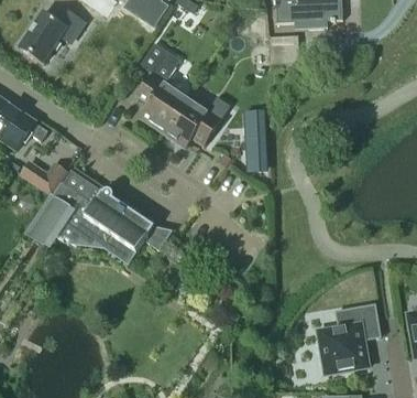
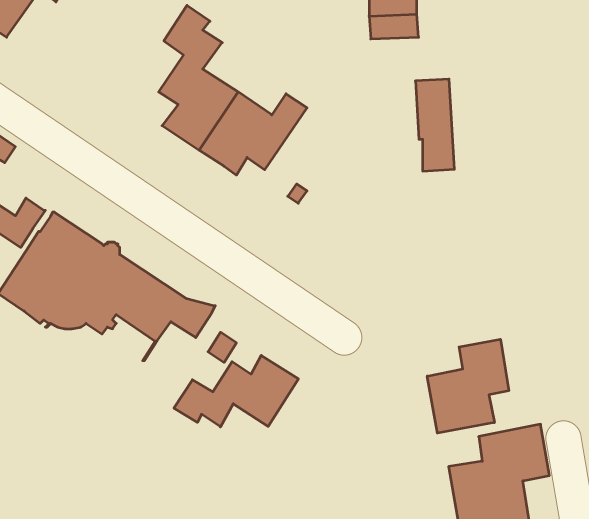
building: [243,109,267,166] -> [415,79,454,171]
building: none -> [427,339,509,433]
building: none -> [174,355,298,427]

